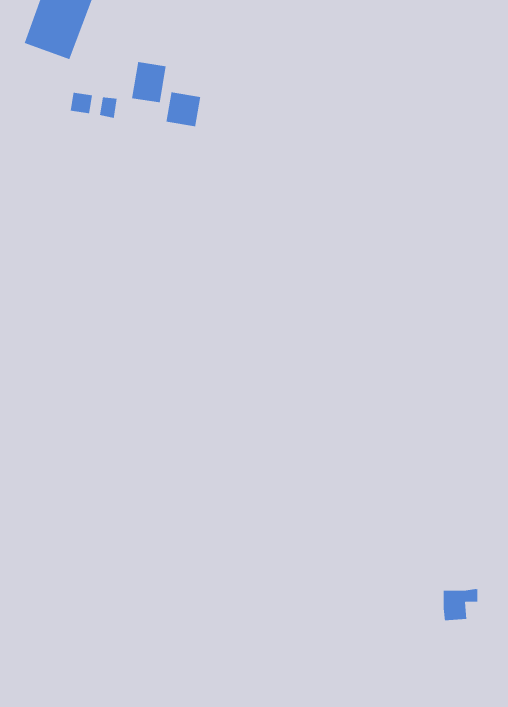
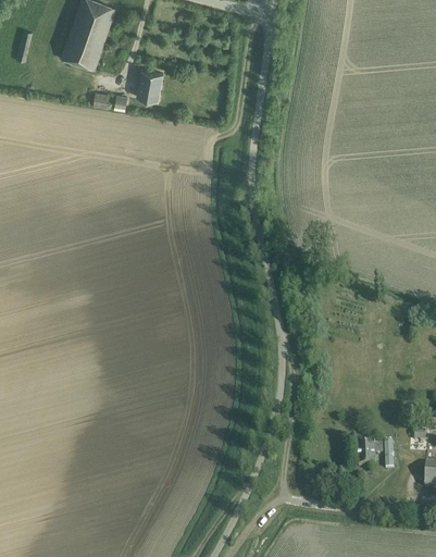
building: [166,92,201,127] -> none

